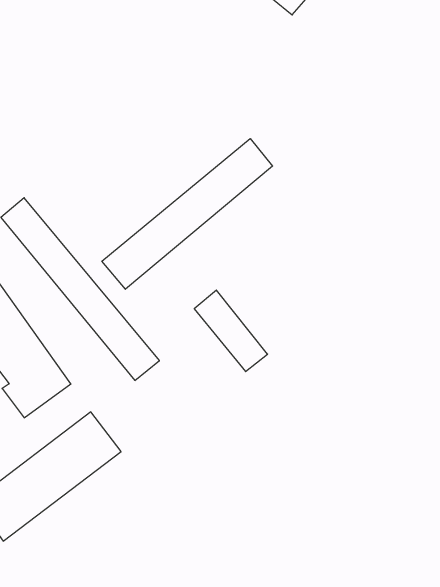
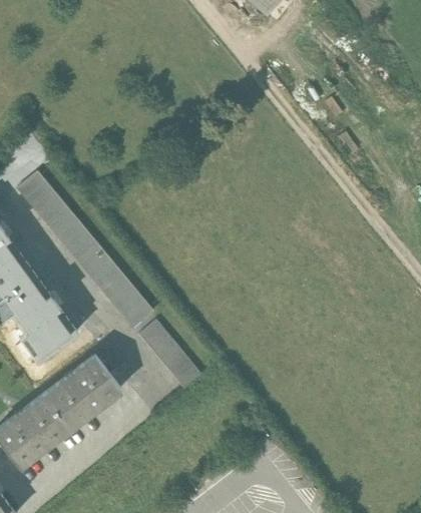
building: [102,139,273,289] -> none
building: [194,290,268,372] -> [138,320,201,390]

